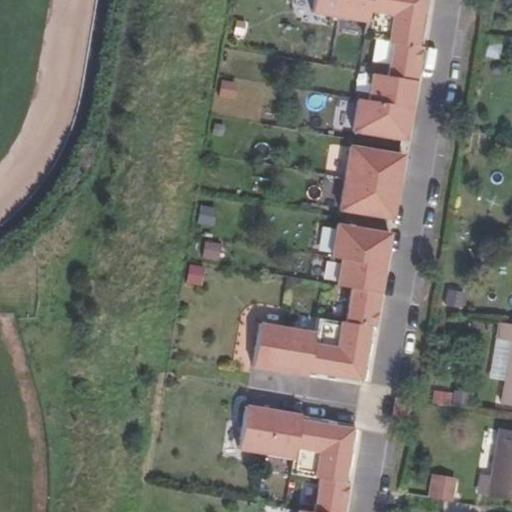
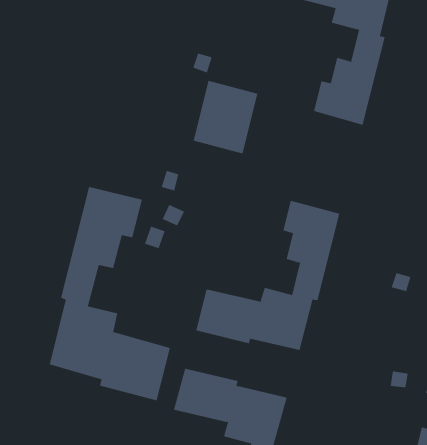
building: [343,144,406,217] -> [193,80,258,154]
building: none -> [49,186,170,401]

